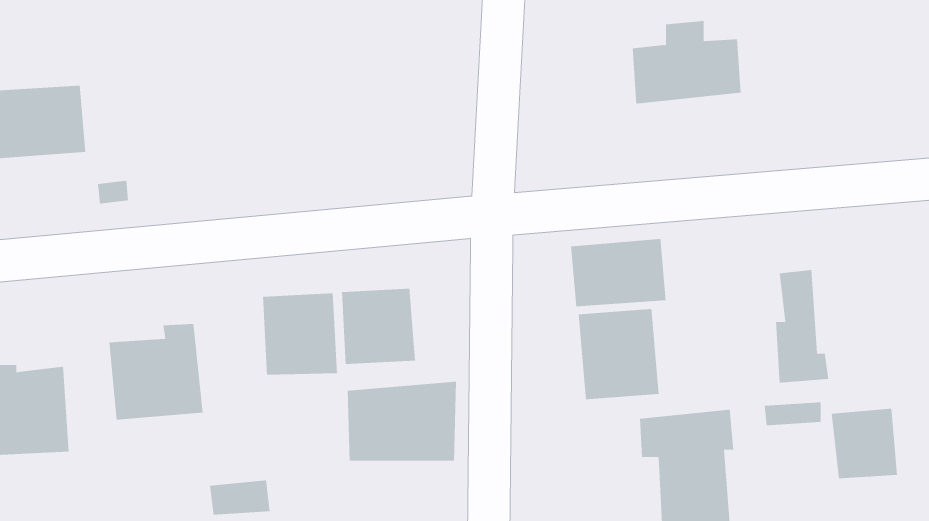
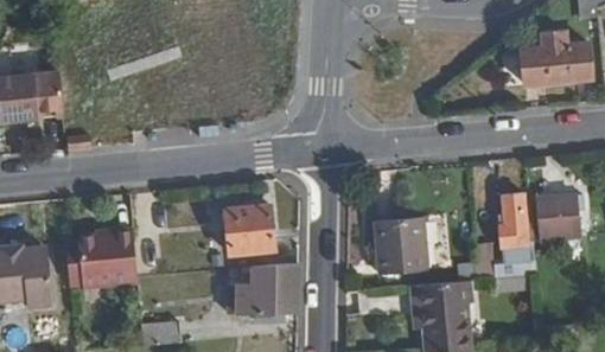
building: [632,20,742,104] -> [522,30,592,83]
building: [571,238,666,307] -> none
building: [263,292,337,376] -> none
building: [831,408,898,479] -> [537,194,580,239]

